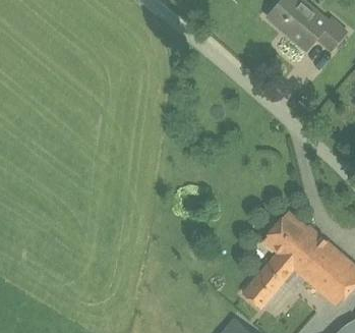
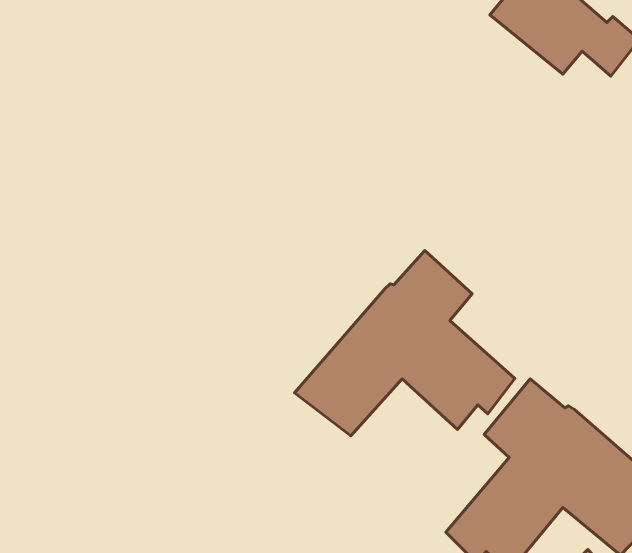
building: none -> [295,250,515,436]

